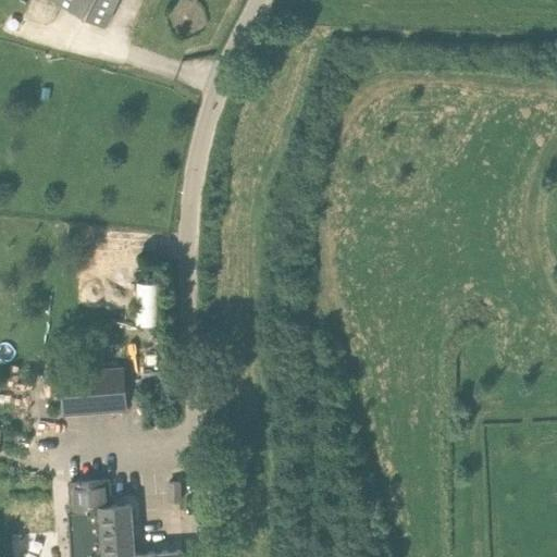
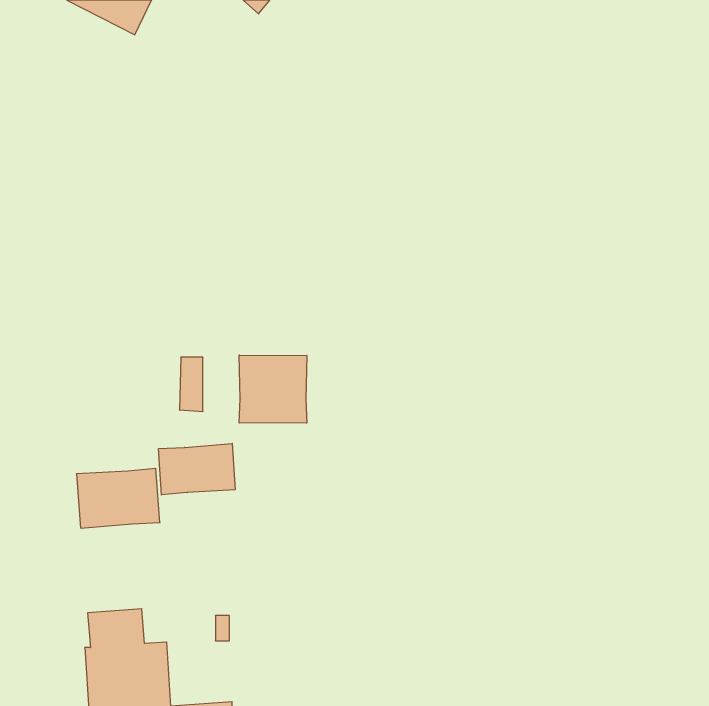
building: none -> [239,355,307,423]
building: none -> [159,443,235,495]

